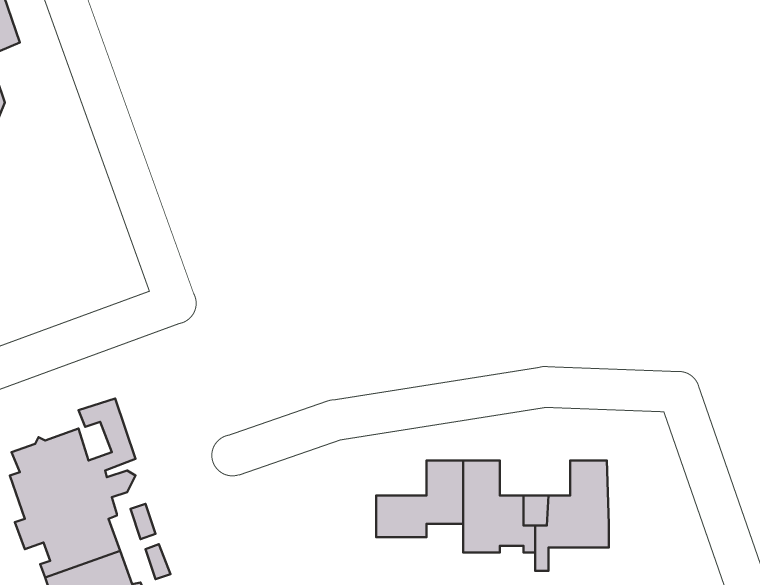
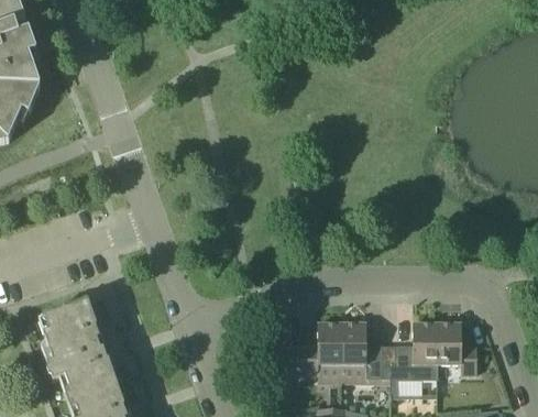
building: none -> [435,323,475,375]

